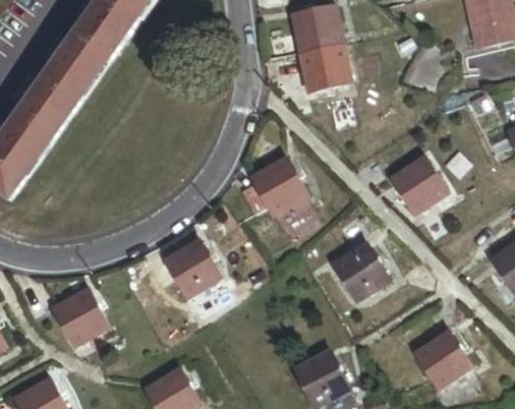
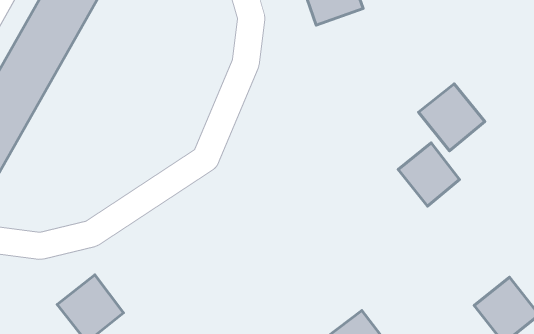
building: [240,156,306,213] -> none
building: [166,239,221,295] -> none
building: [334,241,387,296] -> [398,143,460,206]

